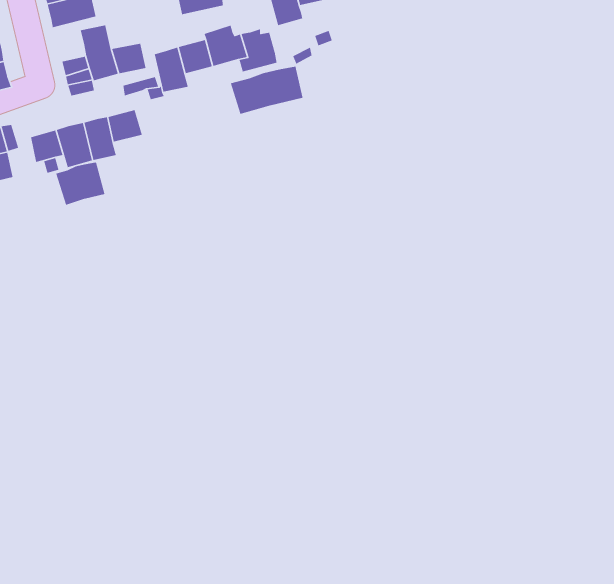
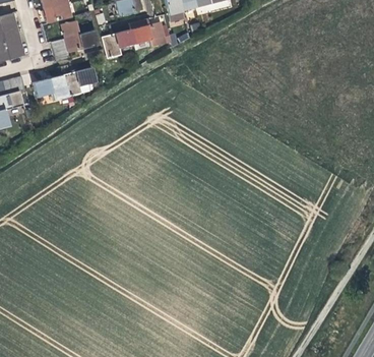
building: [230,65,304,115] -> none
building: [55,161,105,206] -> none

